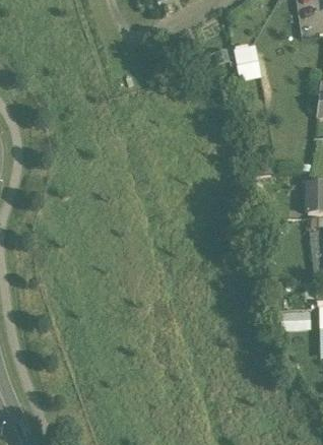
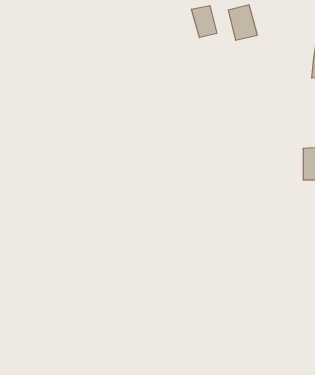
building: none -> [192,6,217,38]

